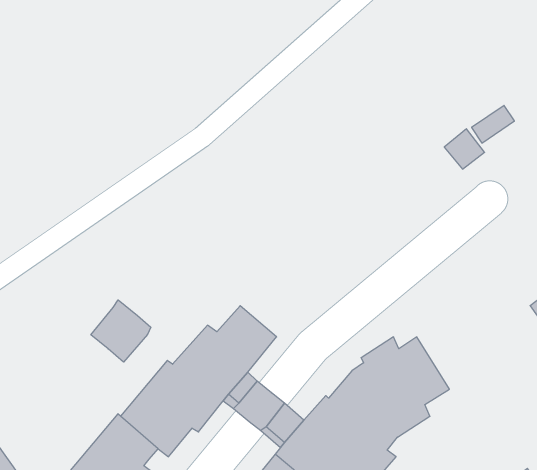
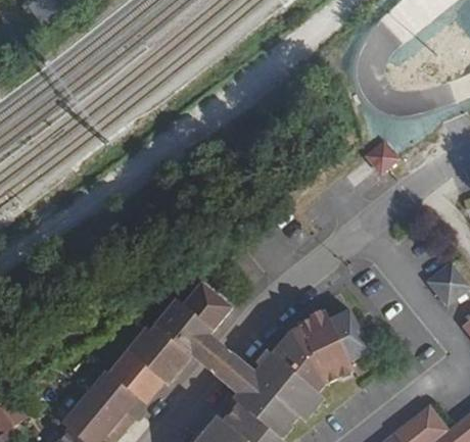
building: [91,300,151,362] -> none

